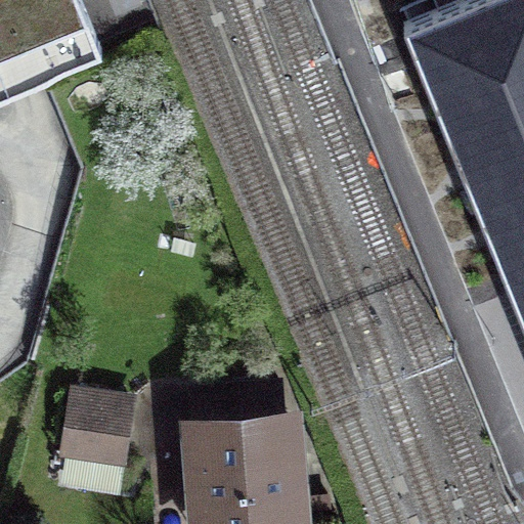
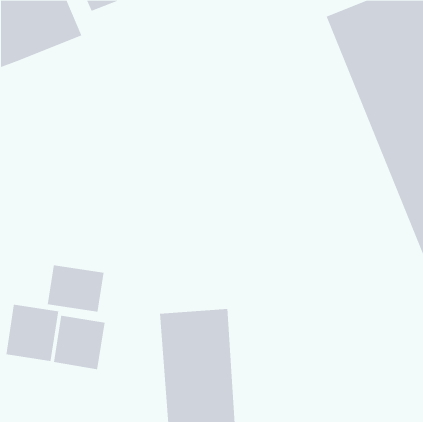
building: none -> [47,264,104,312]
building: none -> [6,304,59,362]

